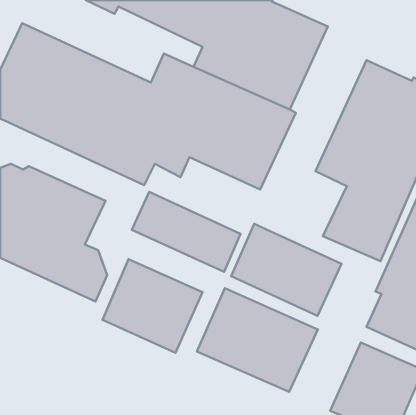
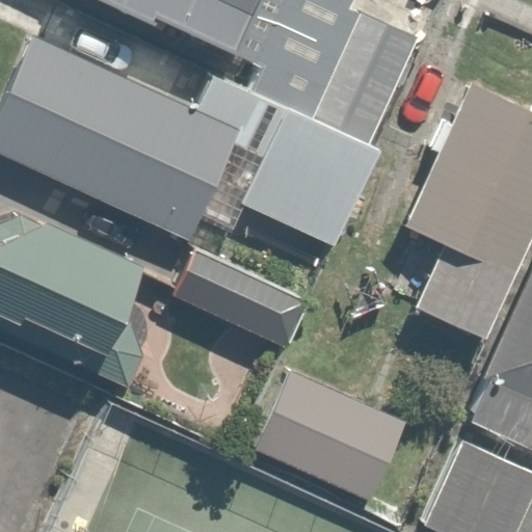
building: [231,224,341,316] -> none
building: [103,259,202,353] -> none

